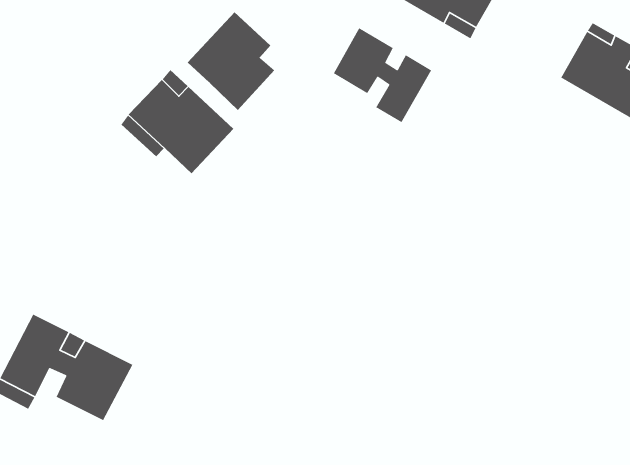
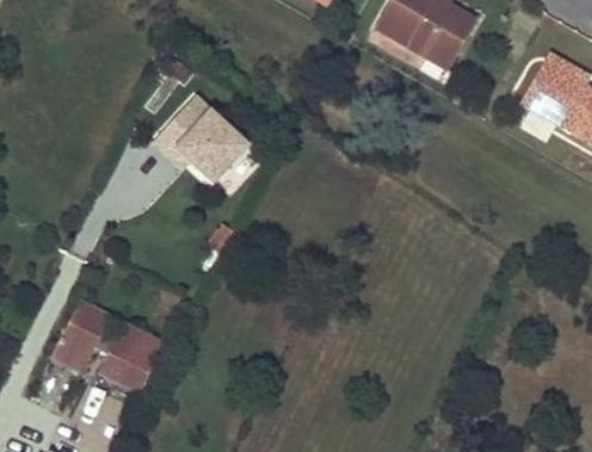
building: [187,11,275,111] -> none
building: [333,27,432,123] -> none

